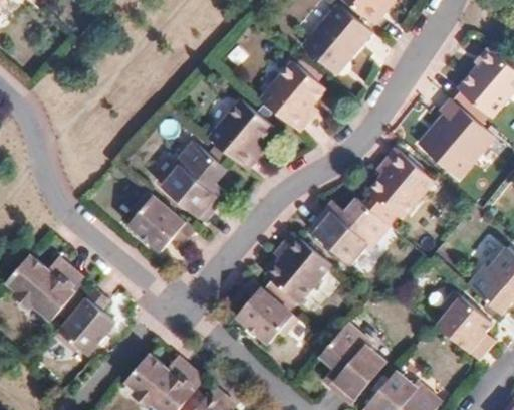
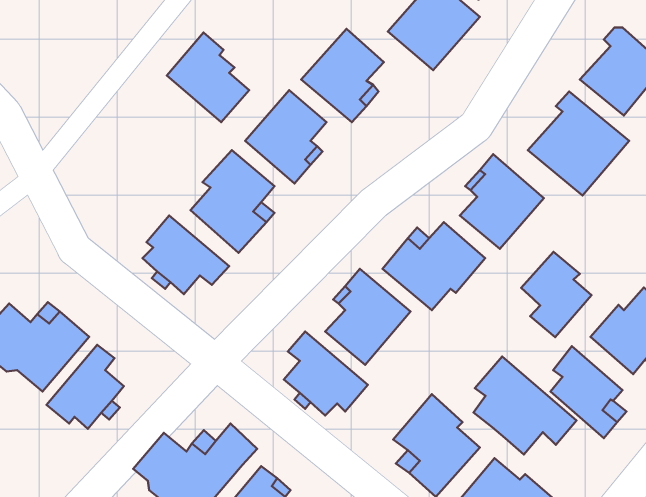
building: none -> [167,33,249,122]
building: none -> [521,252,592,337]
building: none -> [474,356,576,455]

